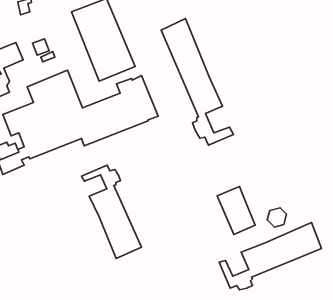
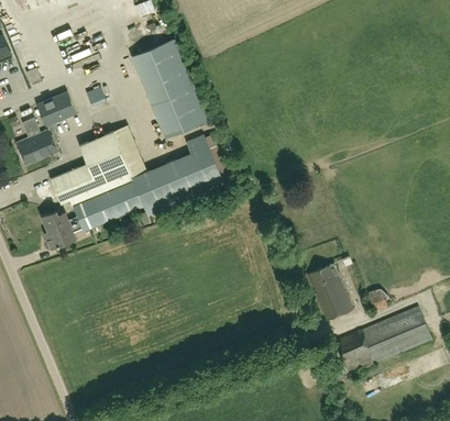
building: [161,19,233,145] -> none
building: [81,165,141,258] -> none

